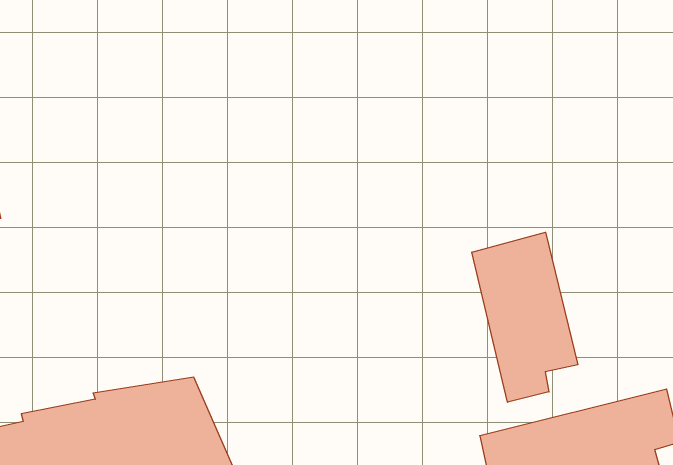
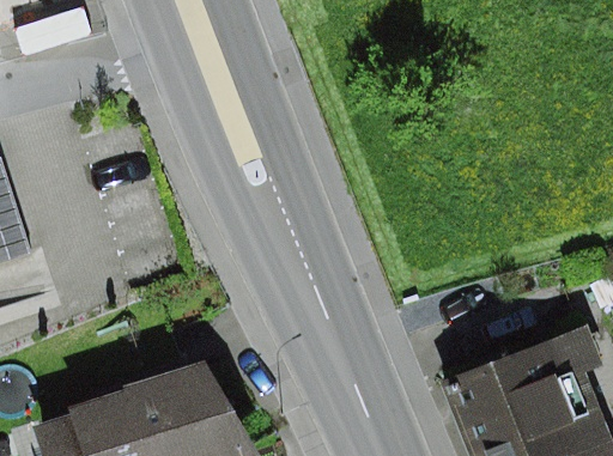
building: [472,232,578,402] -> none

